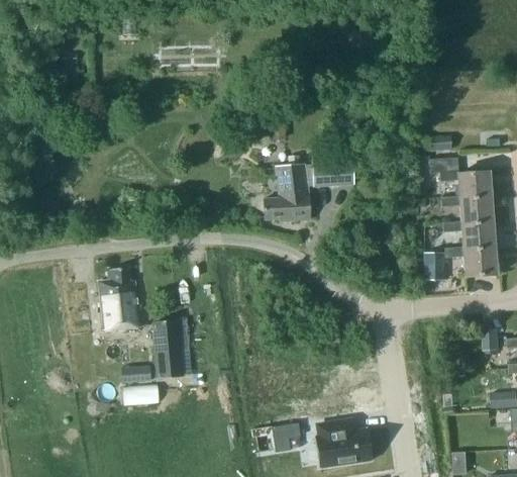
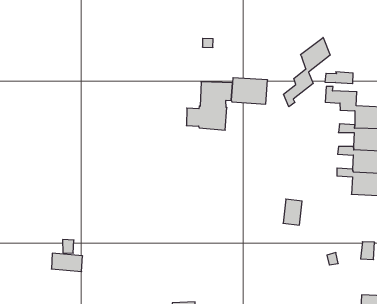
building: none -> [284,37,330,107]
building: [426,252,445,280] -> [283,199,302,225]
building: [99,268,140,331] -> none
building: [153,321,183,377] -> none

